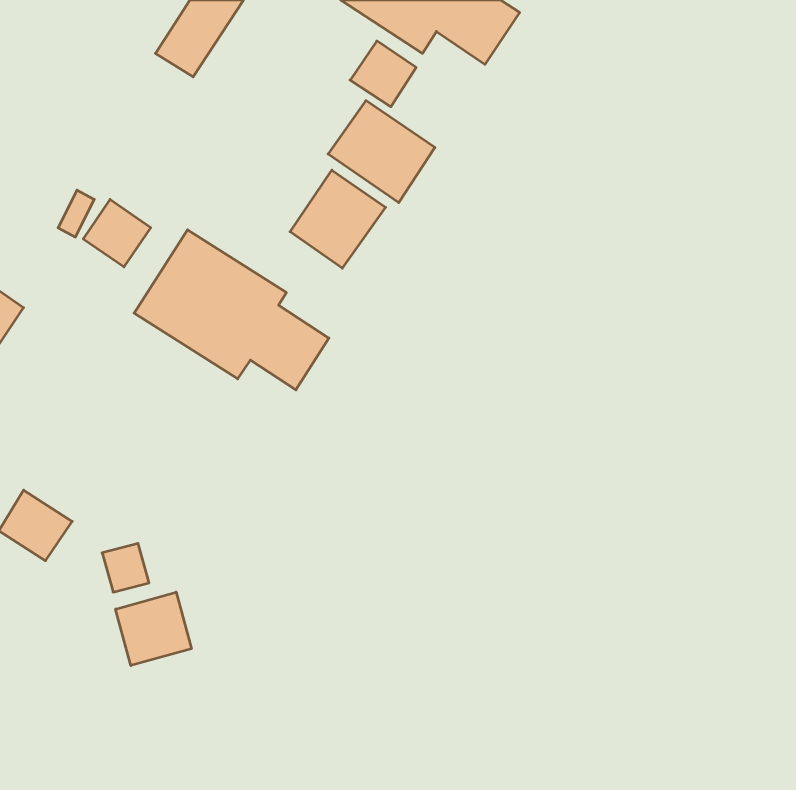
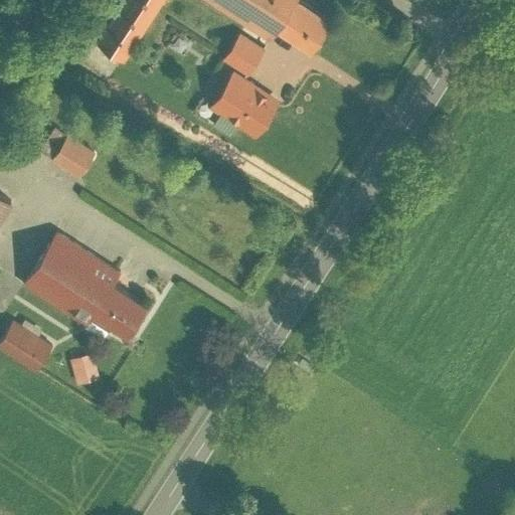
building: [290,170,386,268] -> none
building: [134,230,329,390] -> [23,232,148,335]
building: [116,592,191,666] -> none

